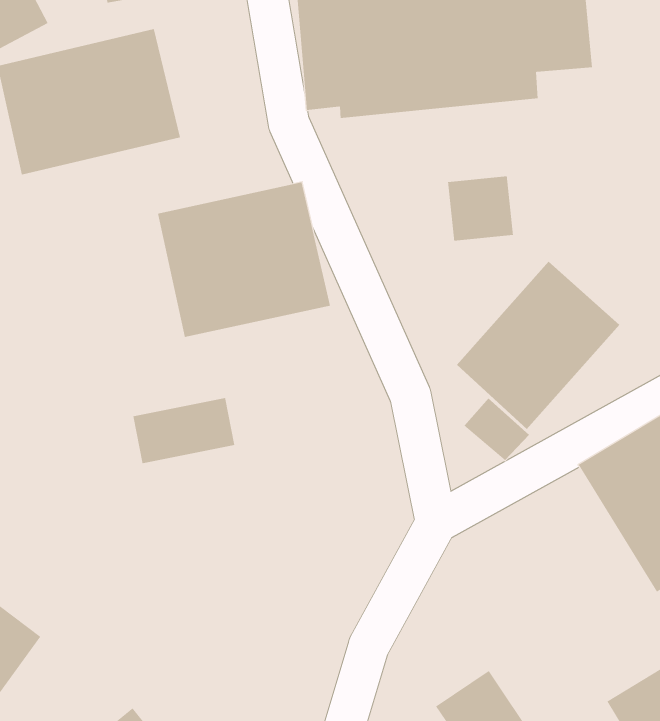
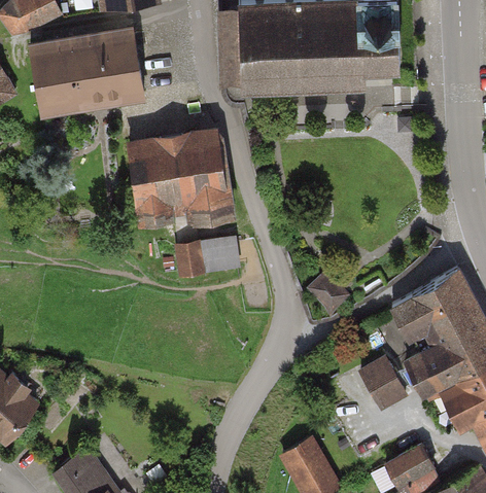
building: [448,176,513,242] -> none
building: [456,261,620,430] -> none
building: [133,398,235,464] -> [176,237,239,275]
building: none -> [362,358,410,412]

